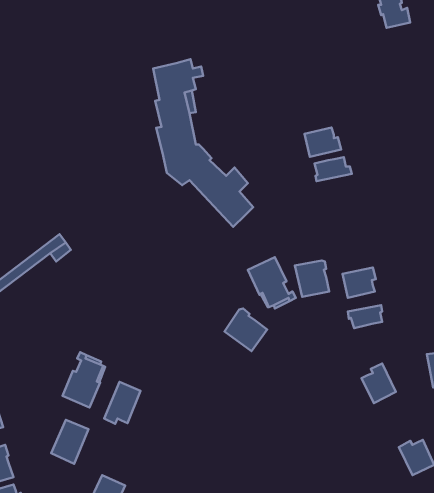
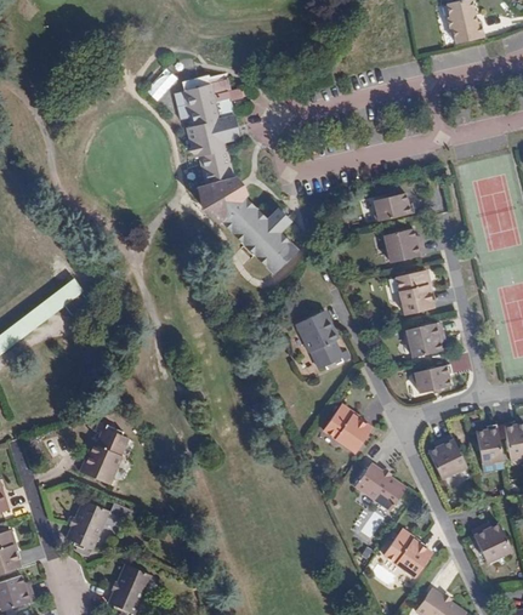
building: [305,128,341,157] -> [383,229,426,263]
building: [295,260,329,297] -> [396,272,436,314]
building: [224,309,267,351] -> [323,404,373,454]
building: none -> [476,425,504,466]
building: [104,382,140,424] -> none
building: none -> [354,462,407,512]
building: none -> [383,530,432,577]

